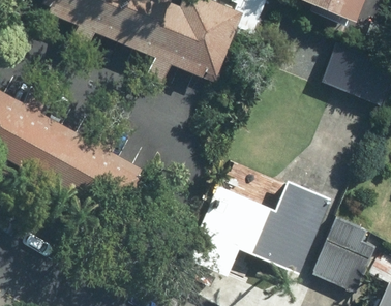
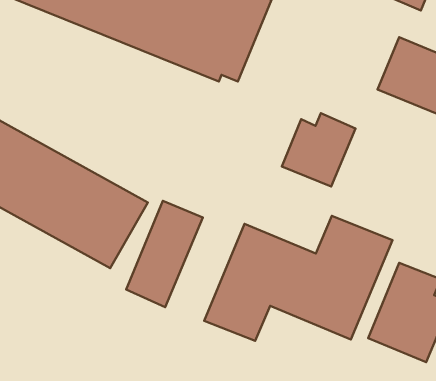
building: none -> [282,113,356,187]
building: none -> [126,201,203,307]

